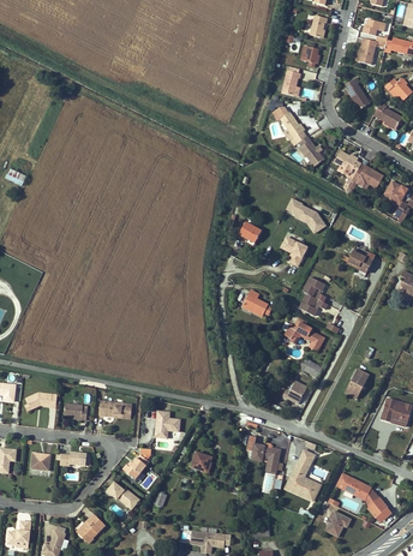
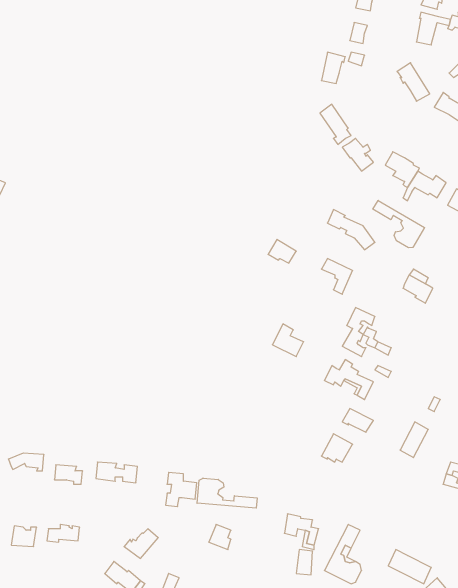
building: none -> [373,200,425,248]
building: none -> [197,478,257,508]

